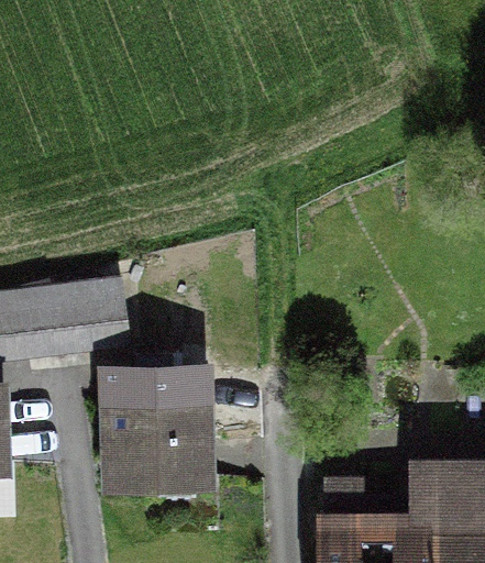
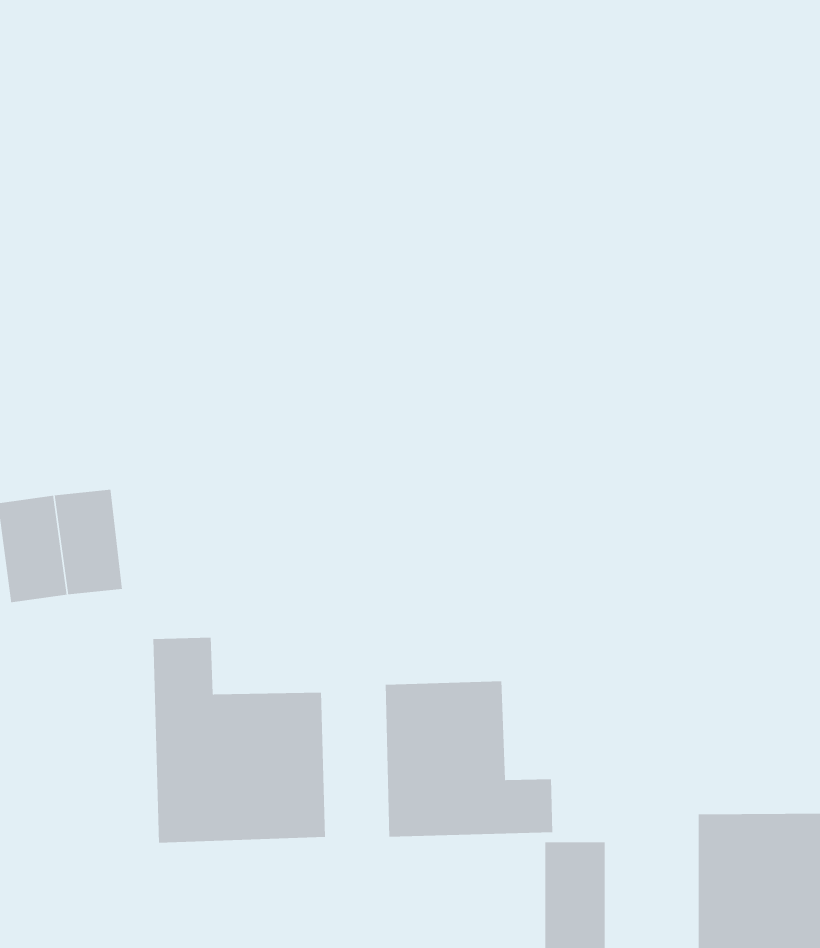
building: none -> [385,681,553,837]

